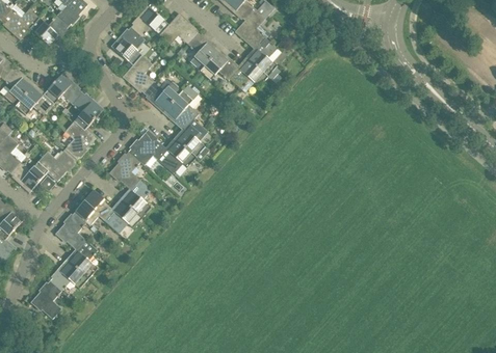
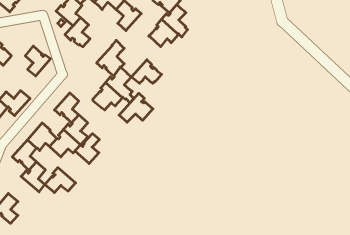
building: [200,49,238,79] -> [132,60,162,83]
building: [44,72,81,103] -> none
building: [145,81,182,112] -> none
building: [64,120,96,158] -> none
building: [128,129,166,164] -> none
building: none -> [119,93,153,122]
building: none -> [75,134,99,164]
building: [49,257,88,290] -> [45,168,76,193]

